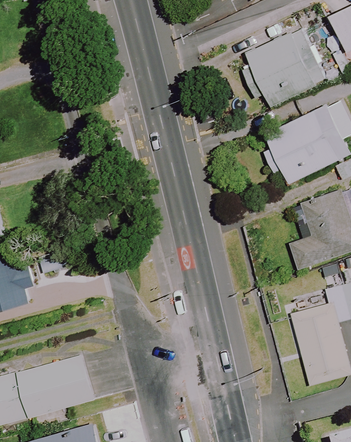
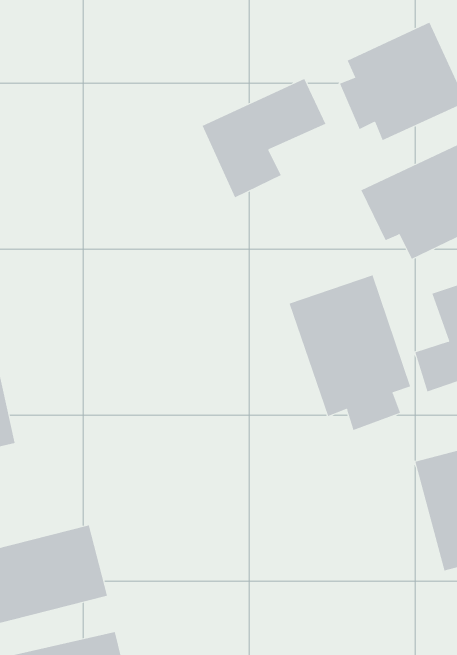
building: none -> [202,78,326,198]
building: none -> [289,275,411,431]

